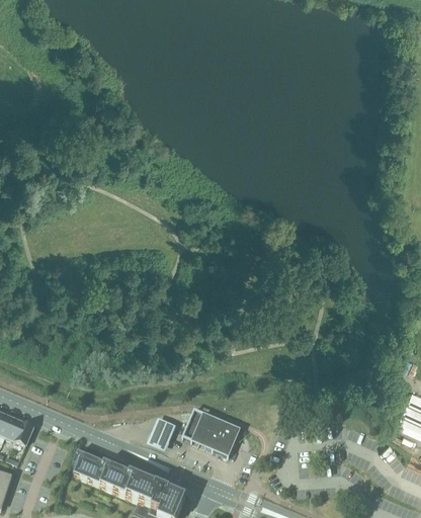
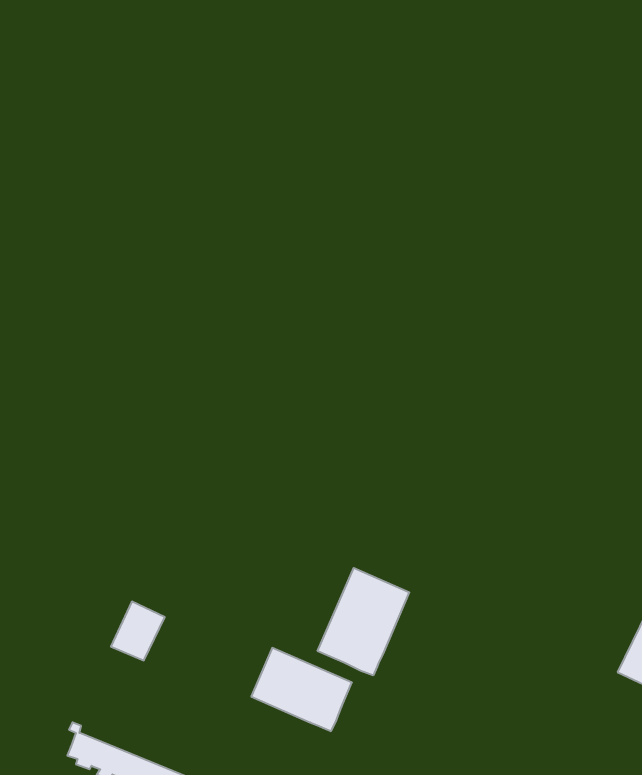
building: none -> [318,568,409,675]
building: [146,416,177,450] -> [111,602,165,660]

